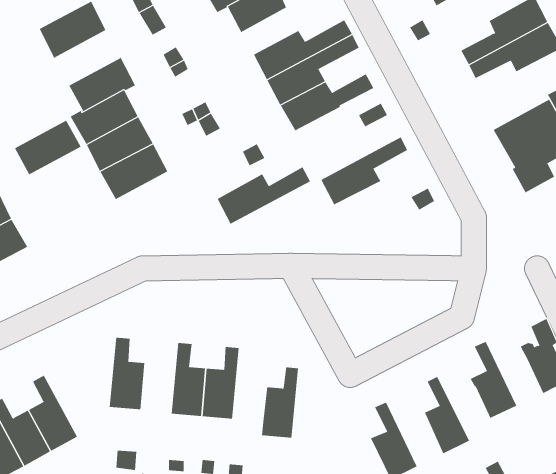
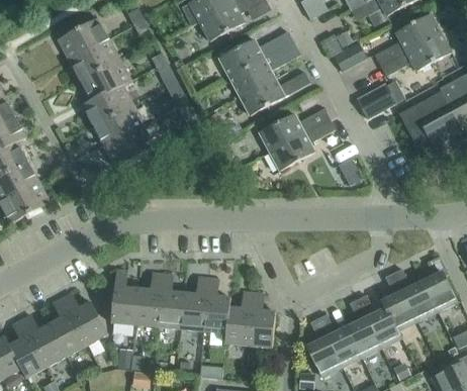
building: none -> [334,42,367,72]
building: none -> [358,86,396,118]
building: [14,120,81,175] -> [69,39,119,81]
building: [217,167,311,224] -> [259,108,330,152]
building: none -> [393,269,436,321]
building: none -> [134,273,162,327]
building: none -> [203,278,229,333]
building: none -> [62,293,107,345]
building: none -> [248,293,275,348]
building: none -> [357,295,400,348]
building: none -> [318,314,361,367]

